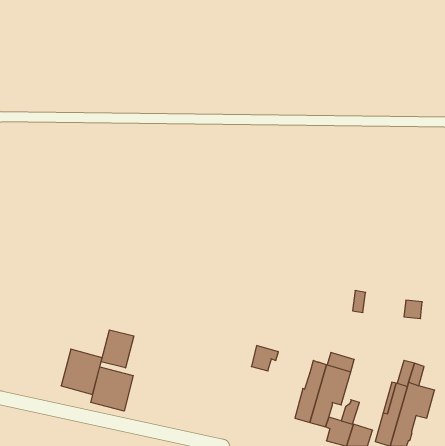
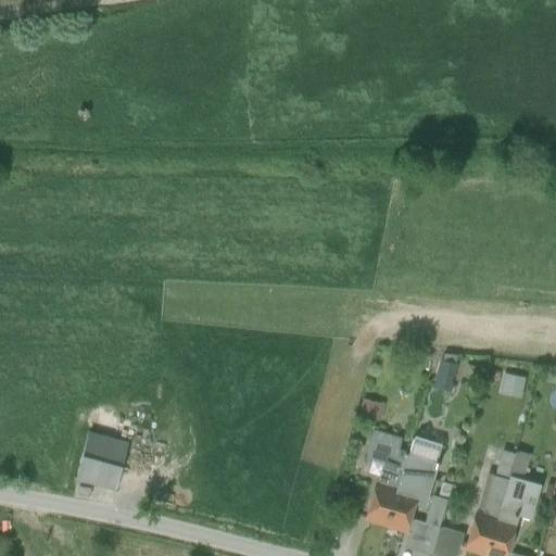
building: [101,330,134,368] -> none
building: [251,346,278,371] -> [366,432,400,464]
building: [91,367,133,411] -> none

